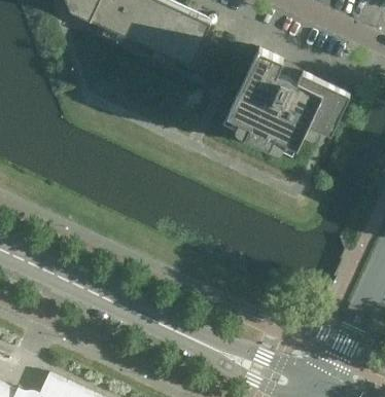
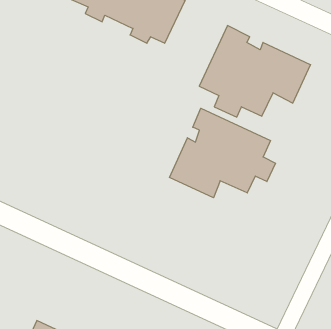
building: none -> [169,108,276,198]

